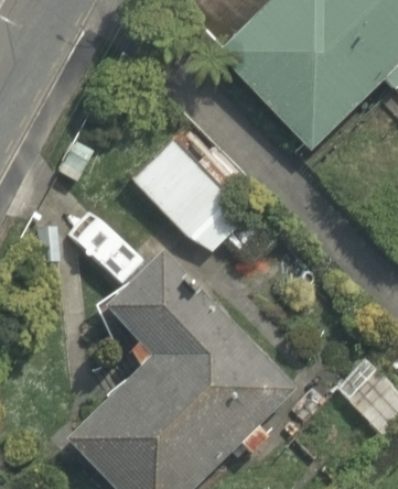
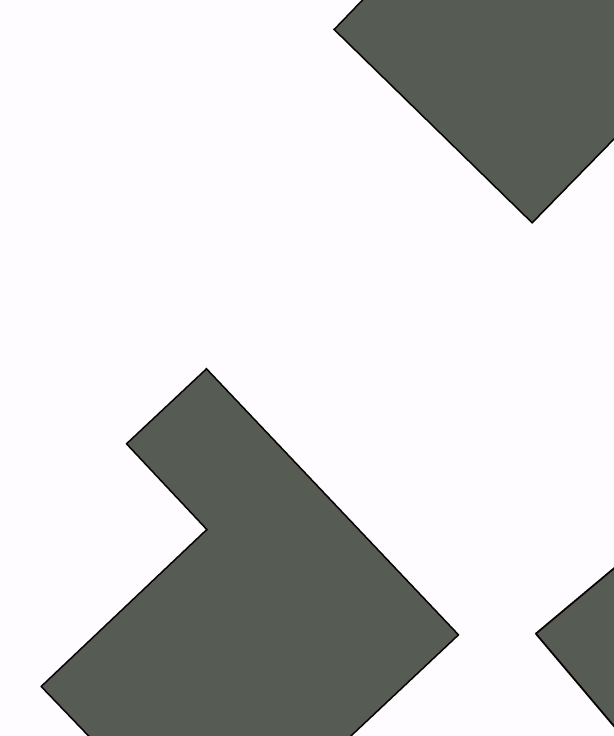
building: [127,128,250,246] -> none

